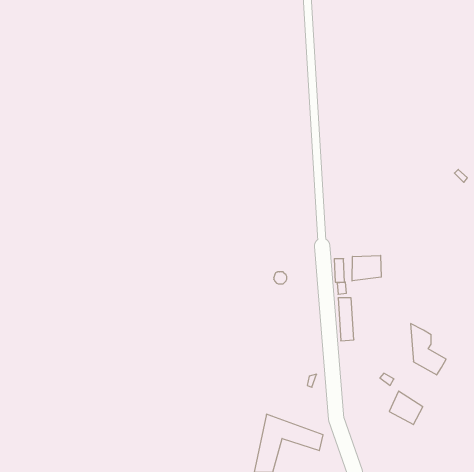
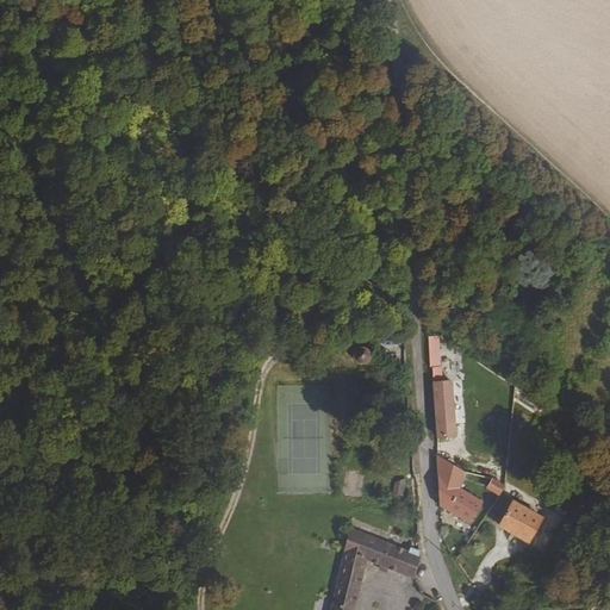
building: [352,255,381,281] -> none
building: [411,324,446,375] -> [437,456,483,522]

